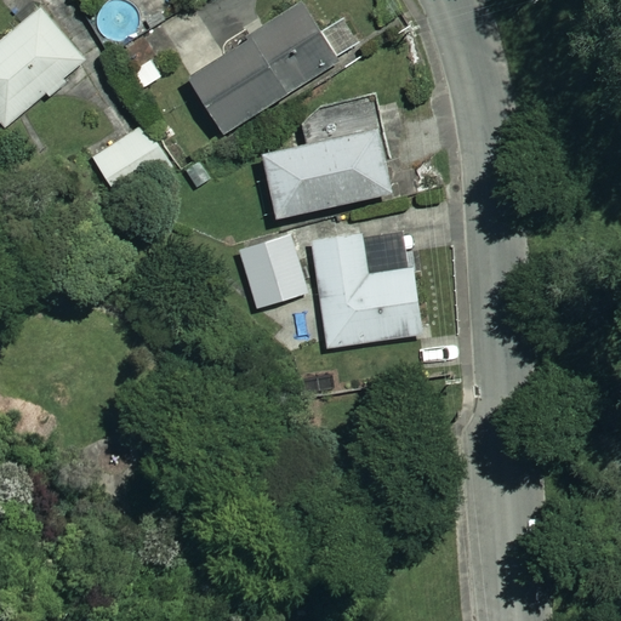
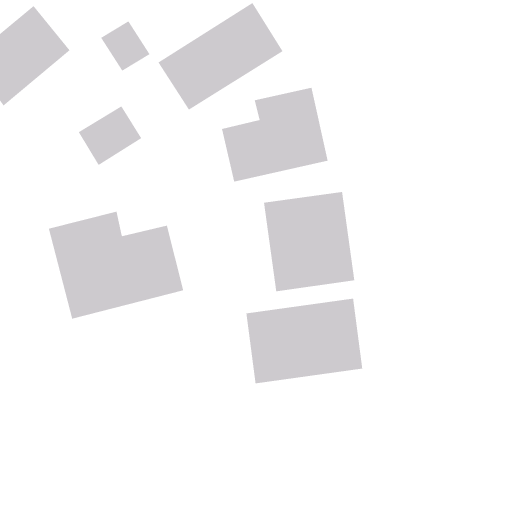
building: [239,237,306,308] -> none
building: none -> [48,211,184,320]
building: none -> [246,298,363,384]

